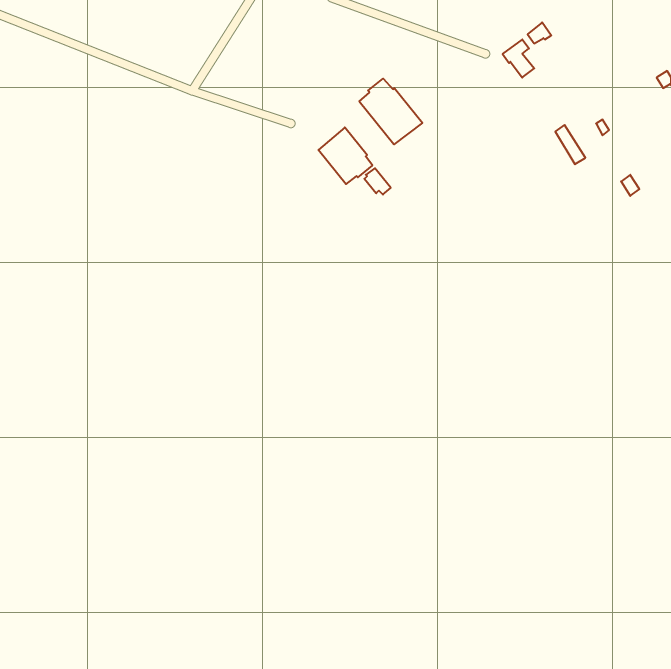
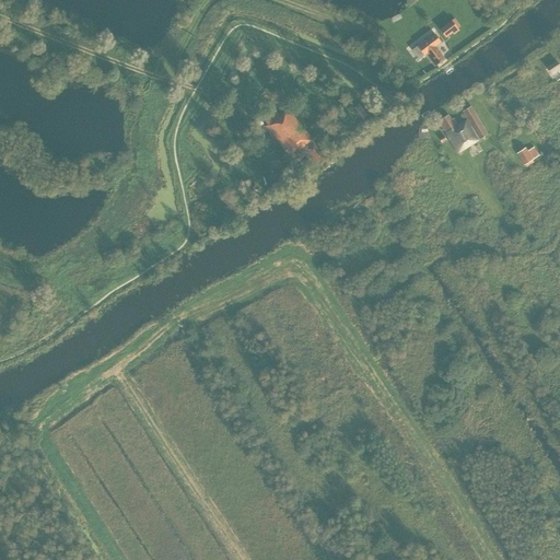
building: [359,79,422,144] -> none
building: none -> [439,113,478,151]

